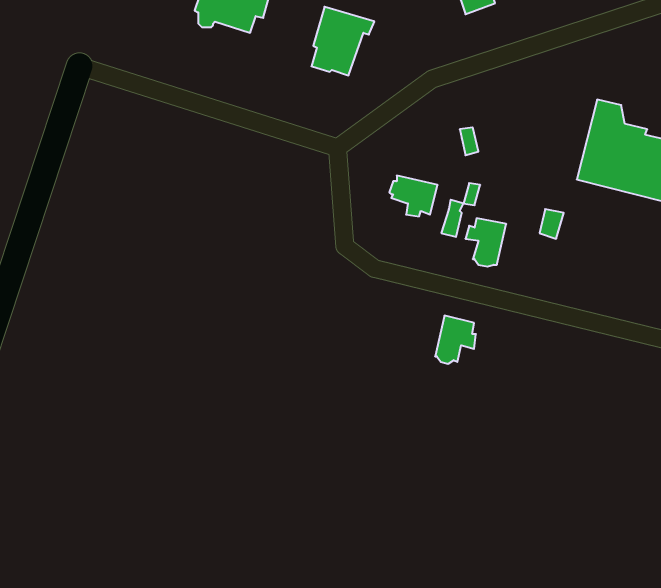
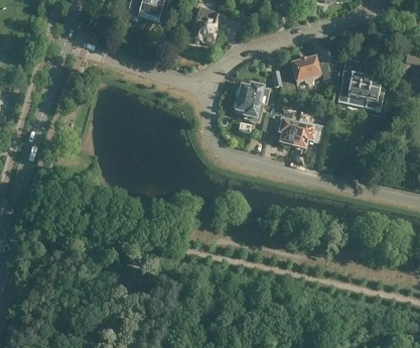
building: none -> [291,56,330,83]
building: none -> [237,81,264,102]
building: [435,316,476,364] -> [292,123,314,149]

